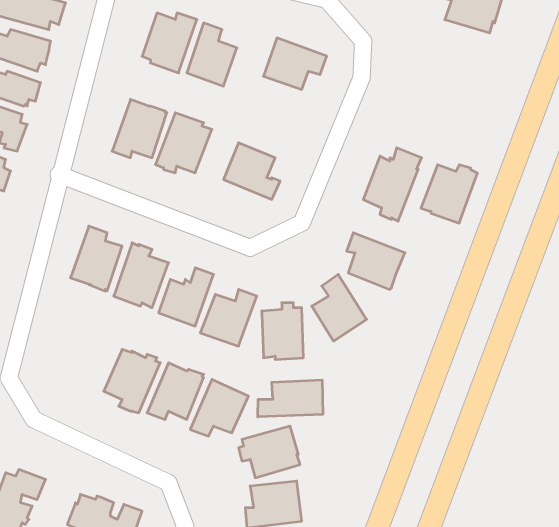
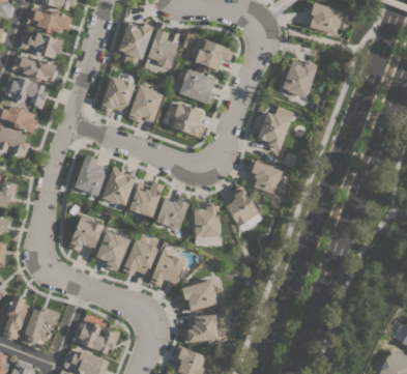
building: none -> [179,69,215,106]
building: [421,165,477,223] -> [282,61,317,97]
building: none -> [68,217,104,252]
building: [258,380,323,417] -> none

